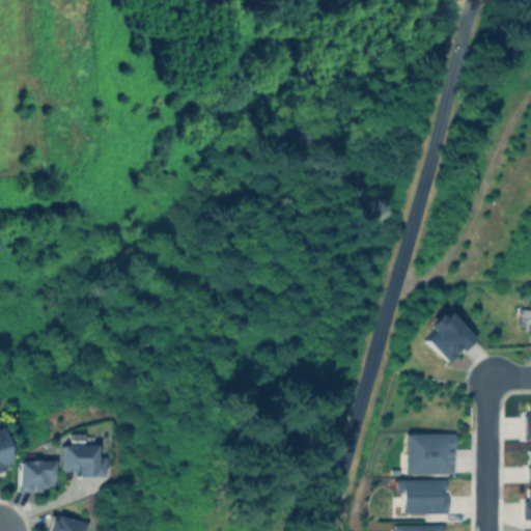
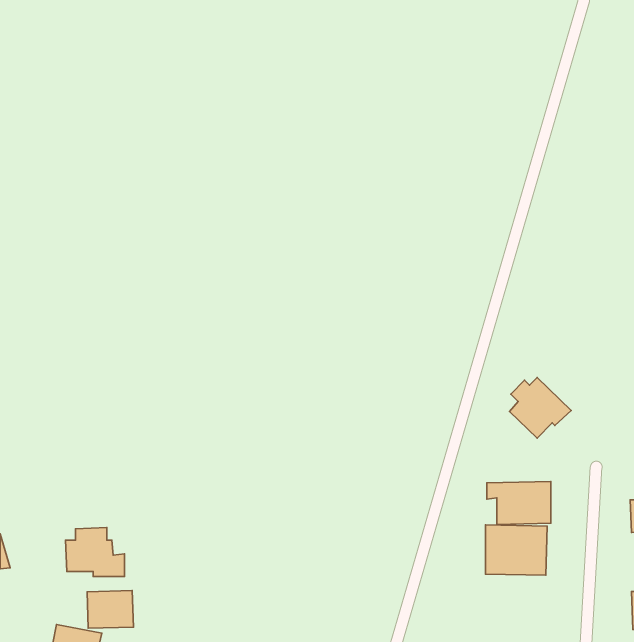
building: [19,460,57,492] -> [87,591,134,628]
building: [397,479,450,514] -> [487,482,551,524]

